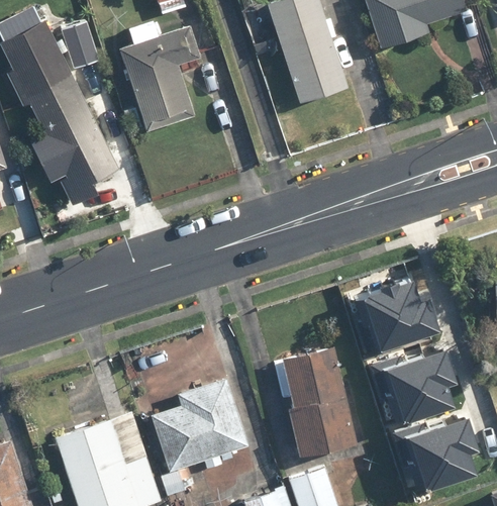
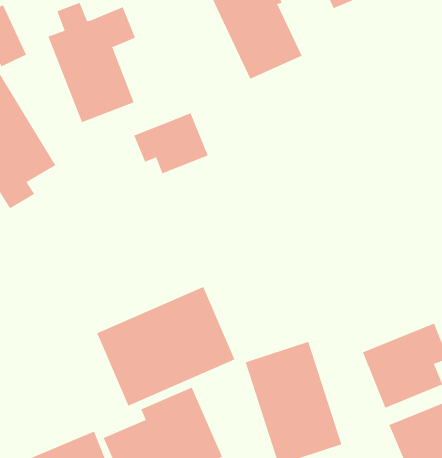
building: none -> [134,112,208,174]
building: [353,274,437,343] -> none
building: none -> [96,286,235,406]

